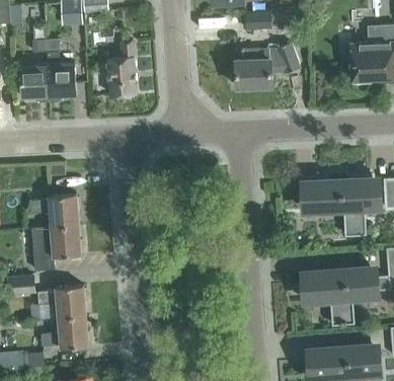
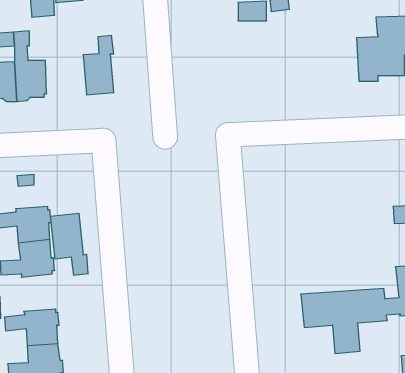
building: [235,43,299,88] -> none
building: [302,177,380,235] -> none
building: none -> [51,213,88,275]

